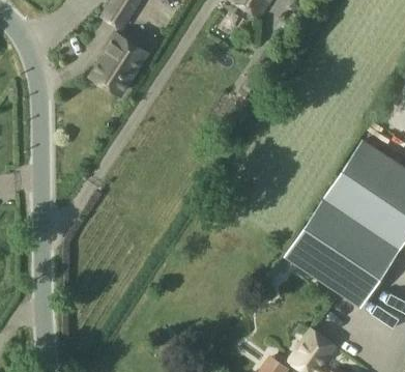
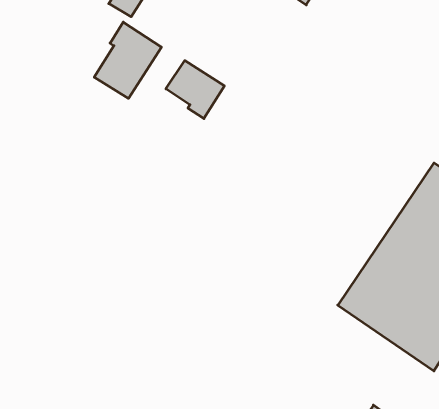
building: none -> [166,61,224,119]

